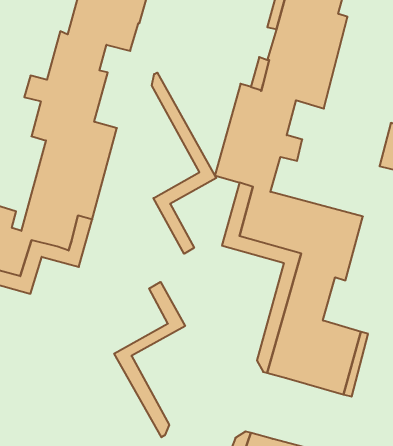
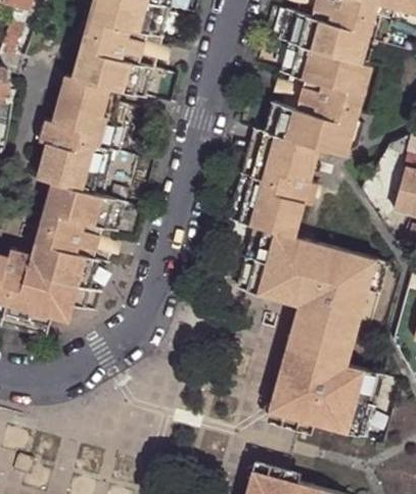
building: [152,73,216,254] -> none
building: [114,282,185,437] -> none

